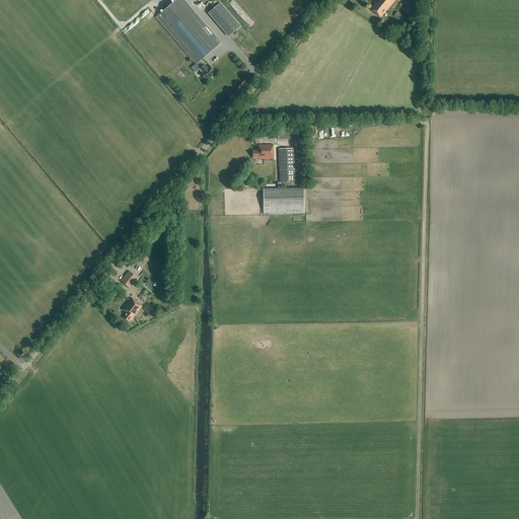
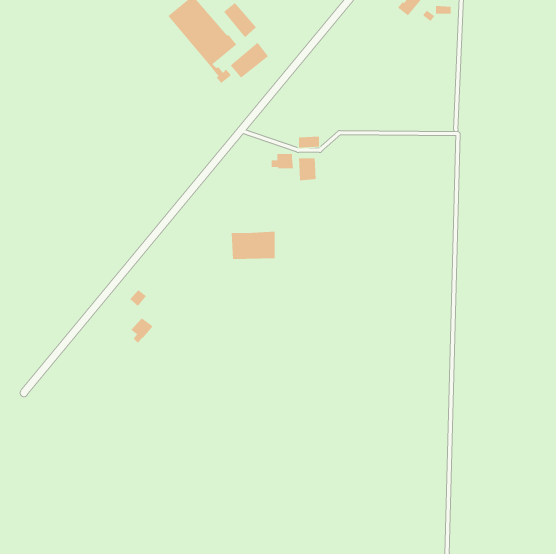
building: none -> [230,42,269,79]
building: [263,187,304,213] -> [231,231,276,260]

